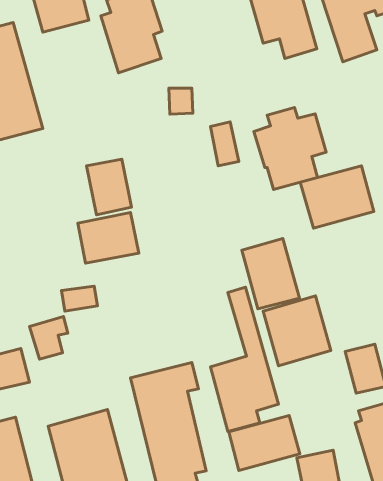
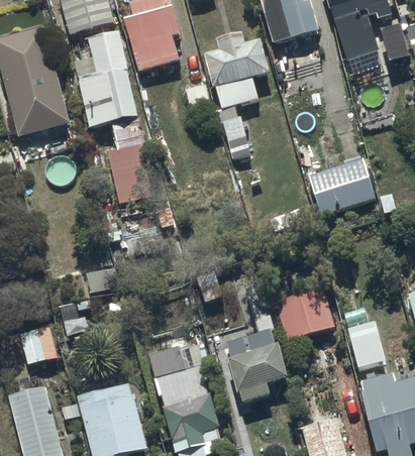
building: none -> [77,32,137,128]
building: [254,107,326,189] -> [203,31,270,107]
building: [78,212,139,263] -> none
building: [242,238,300,309] -> none
building: [229,416,300,471] -> none

